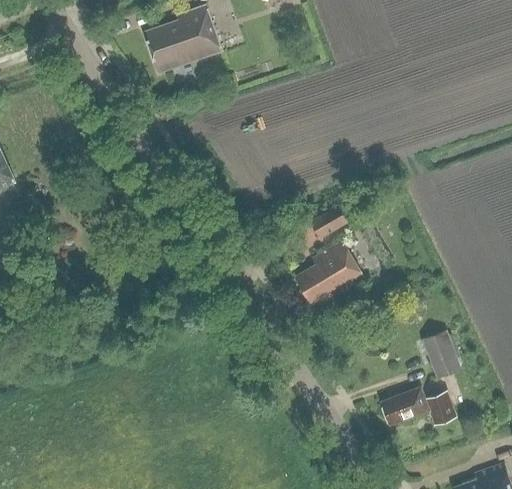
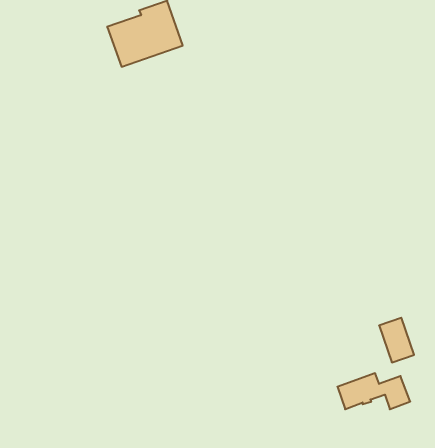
building: [309,205,348,239] -> none
building: [295,242,363,303] -> none

